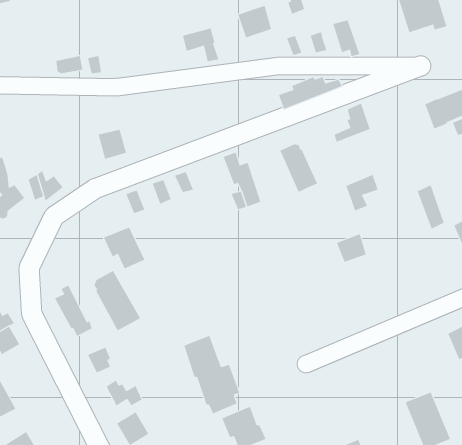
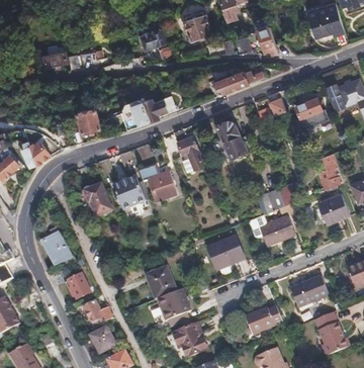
building: none -> [120,98,167,130]
building: [345,174,378,211] -> [297,95,323,123]
building: none -> [139,165,179,202]
building: none -> [114,177,146,210]
building: none -> [317,194,349,224]
building: none -> [259,215,294,244]
building: [94,270,141,331] -> none
building: none -> [207,236,243,269]
building: none -> [289,275,328,307]
building: none -> [243,306,281,334]

